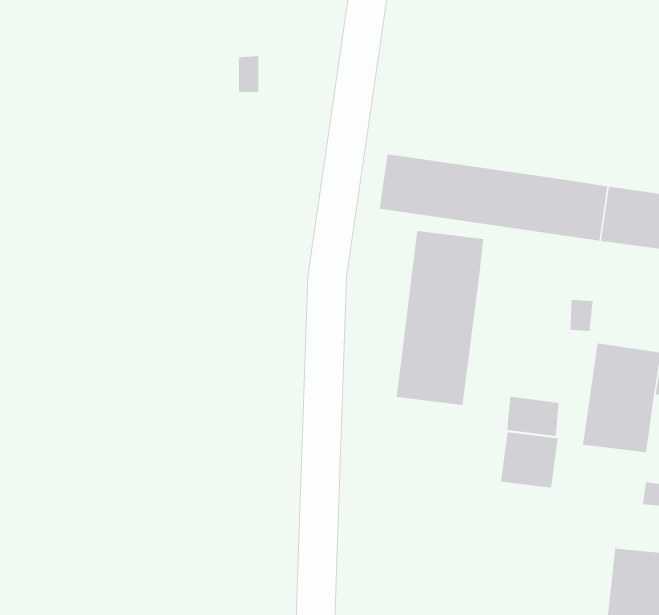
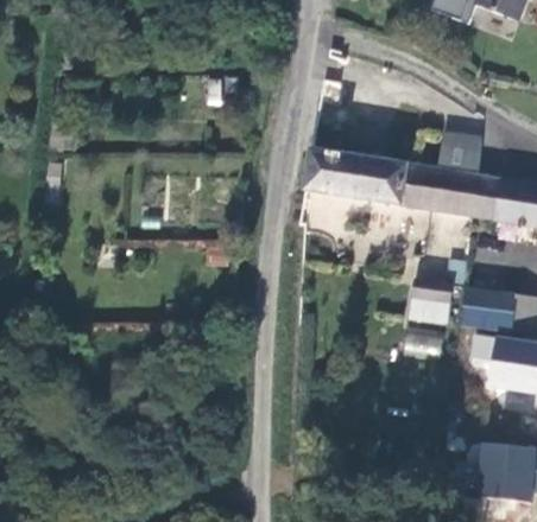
building: none -> [438,133,481,174]
building: [396,230,484,406] -> none
building: [500,432,558,488] -> [412,281,455,323]

